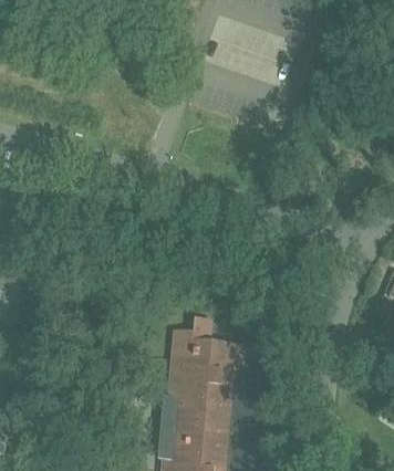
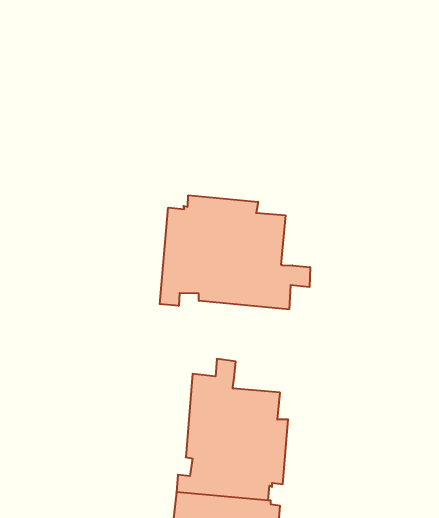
building: none -> [160,195,310,309]

